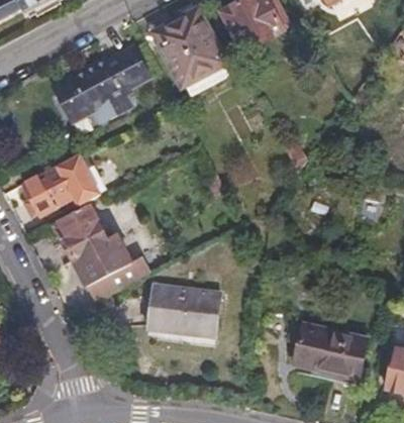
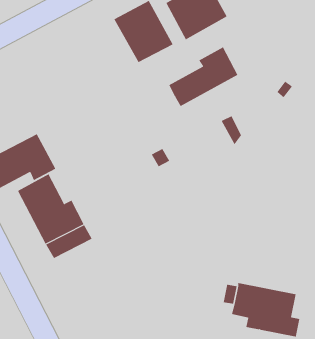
building: [59,43,156,117] -> none
building: none -> [168,47,238,107]
building: [145,286,217,335] -> none

